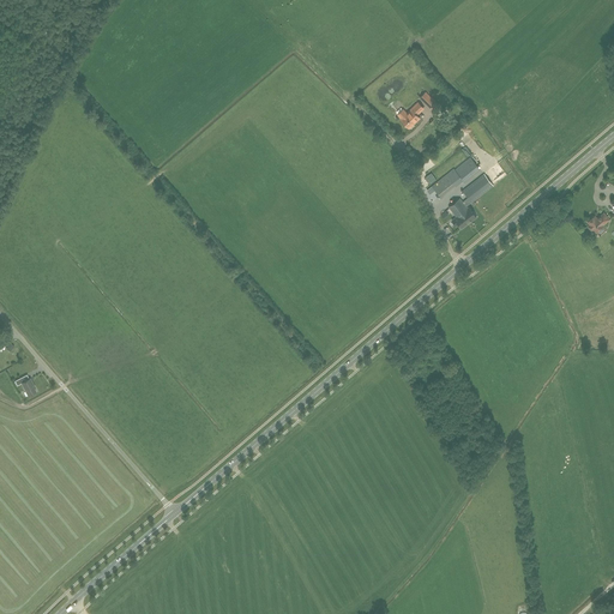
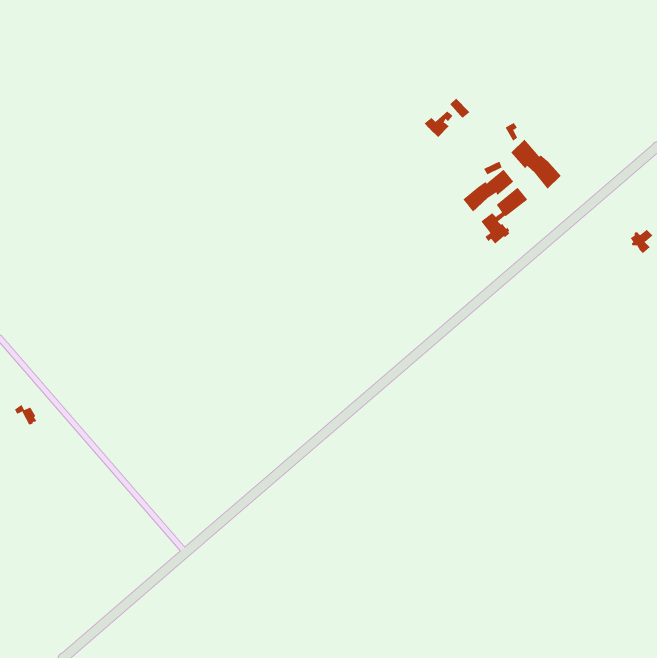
building: none -> [510,139,561,189]

